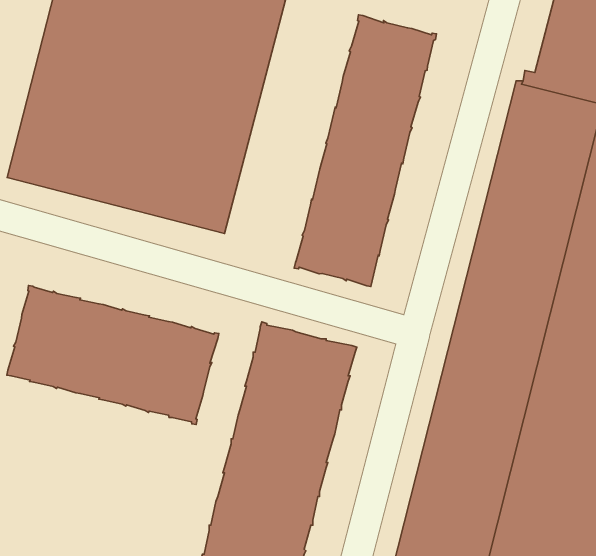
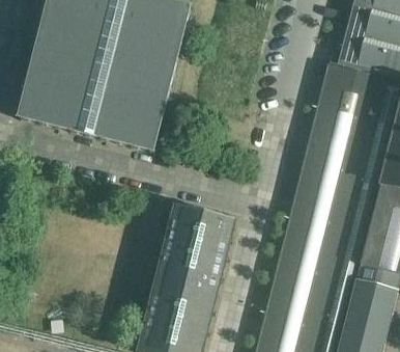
building: [294,15,436,286] -> none
building: [7,286,219,424] -> none

